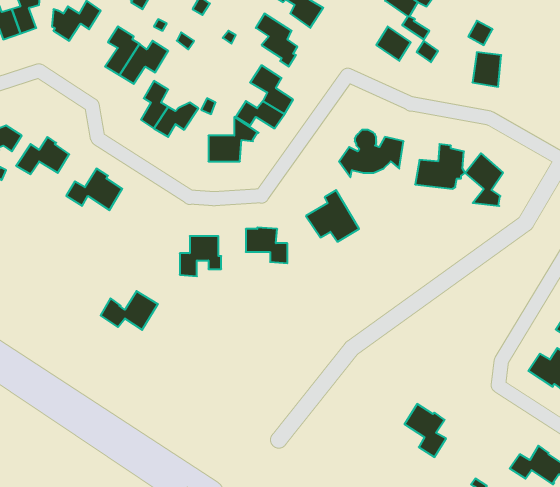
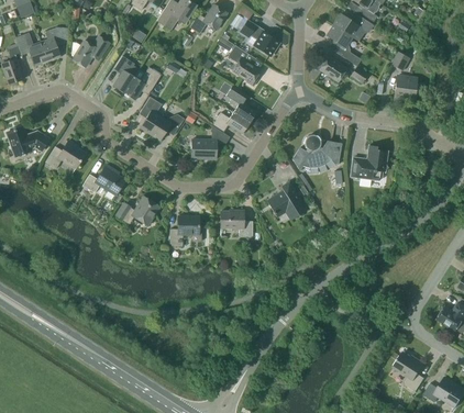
building: [465,153,503,206] -> none
building: [101,291,158,330] -> [115,196,159,225]
building: [404,404,446,457] -> [393,350,424,391]

